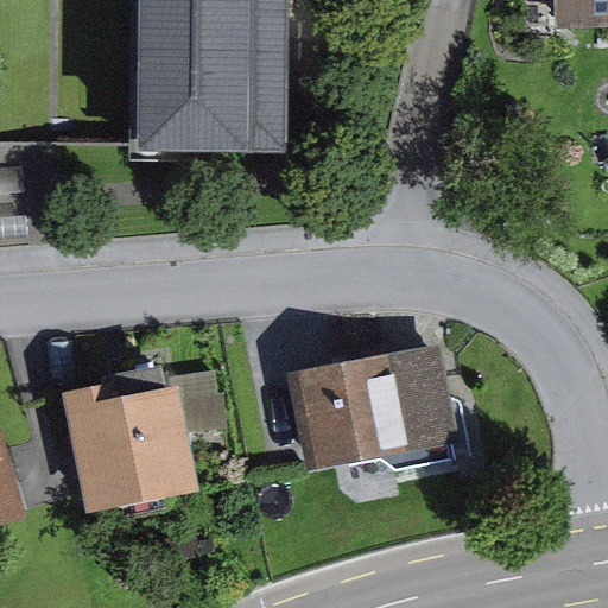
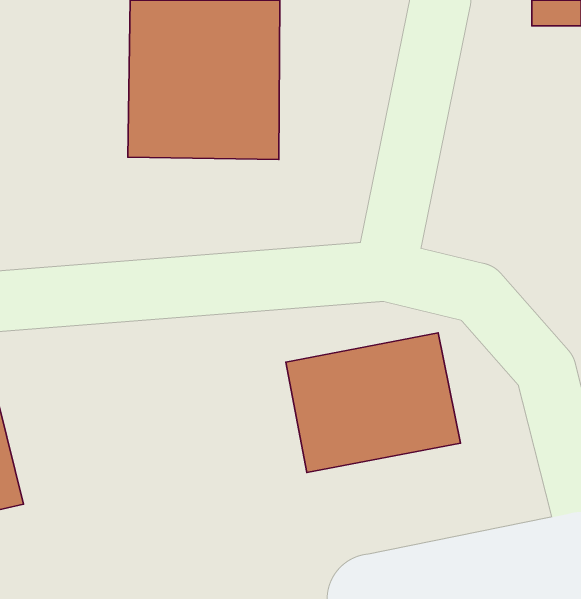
building: [61,381,207,513] -> none

